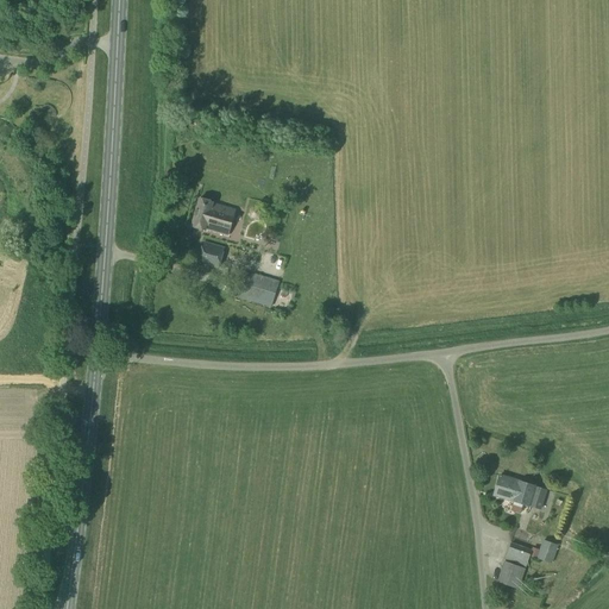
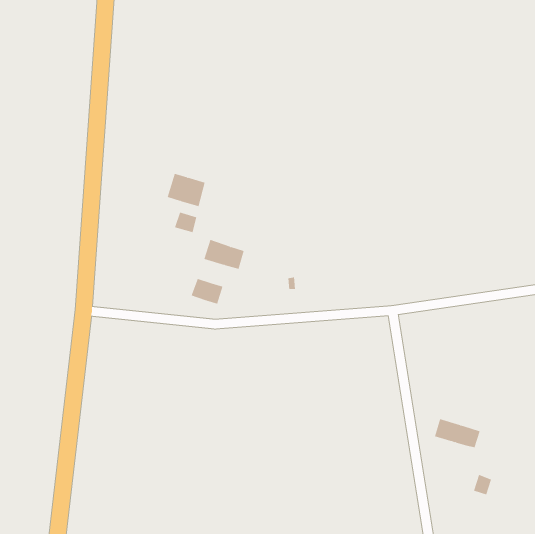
building: none -> [191,278,223,305]
building: [497,540,533,588] -> none

